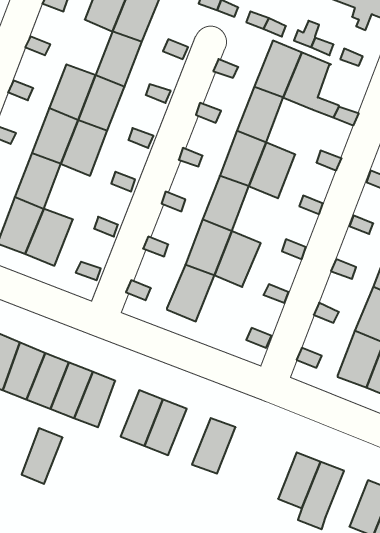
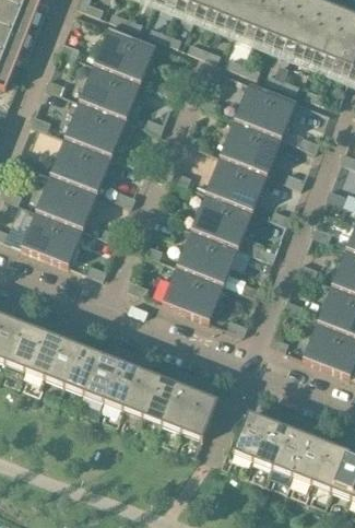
building: none -> [79,61,117,107]
building: none -> [244,126,282,173]
building: none -> [60,180,98,226]
building: none -> [215,199,253,246]
building: none -> [186,272,224,319]
building: none -> [163,383,198,429]
building: [22,428,63,484] -> [105,360,139,406]
building: none -> [233,410,269,457]
building: none -> [293,434,328,480]

